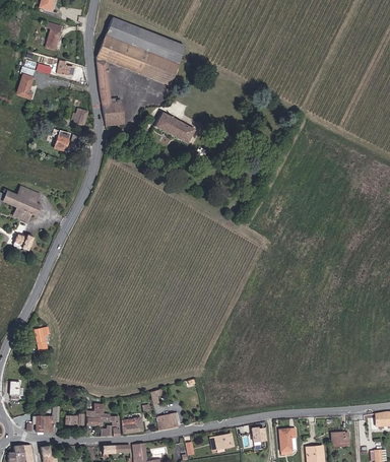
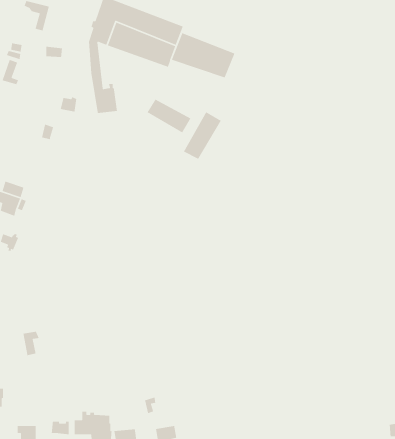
building: none -> [171,32,235,78]
building: none -> [183,111,222,160]

